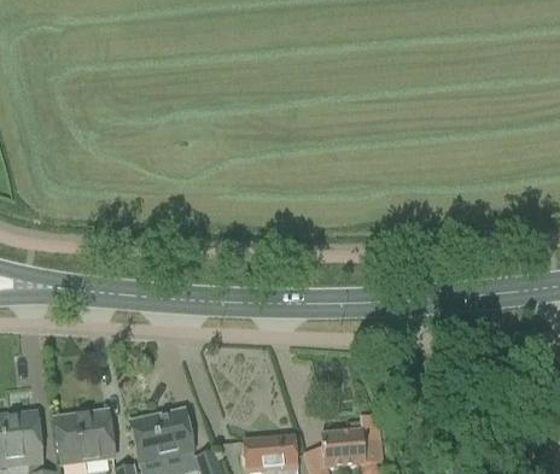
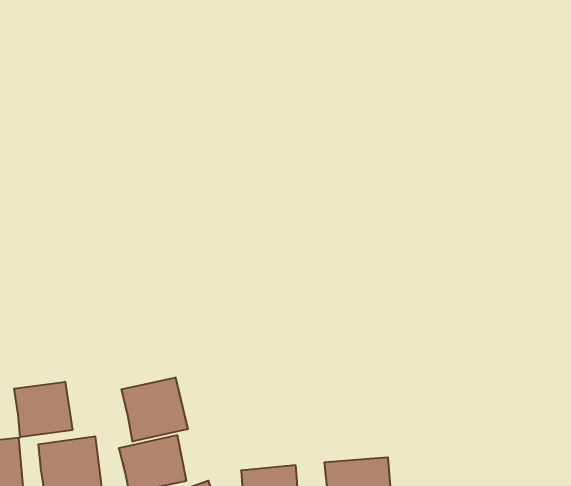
building: none -> [121,377,188,442]
building: none -> [14,382,72,437]

